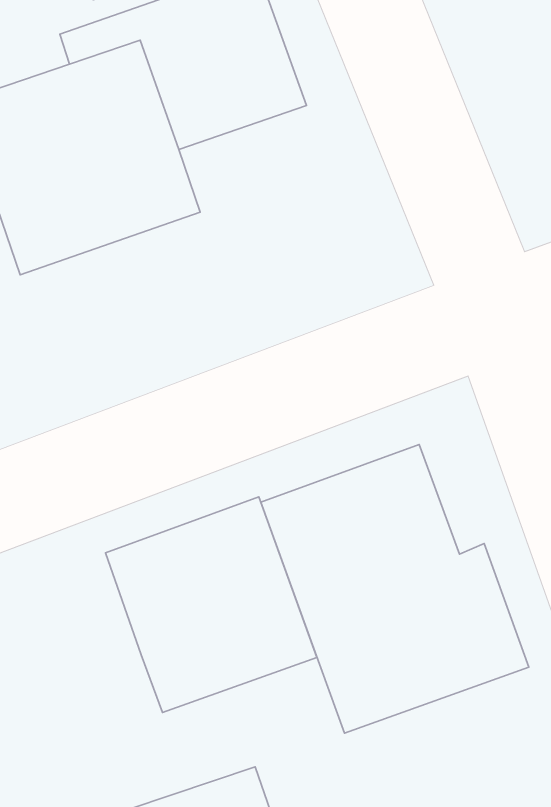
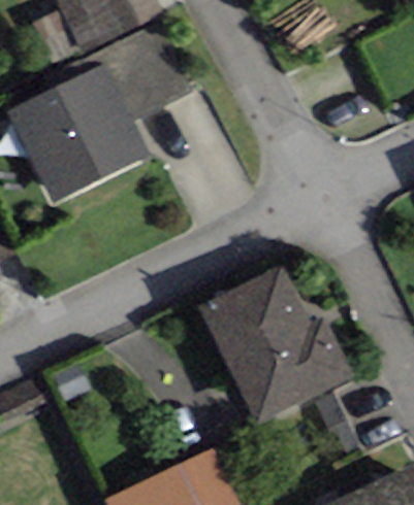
building: [106,497,317,712] -> none

